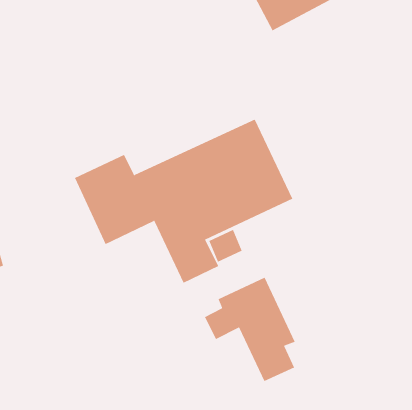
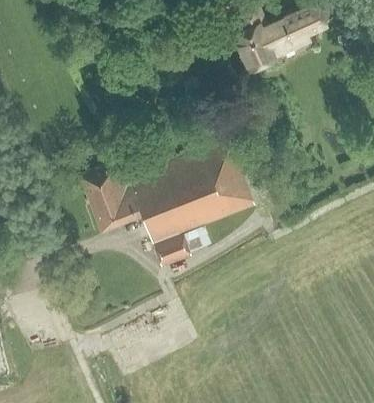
building: [204,277,296,382] -> none

